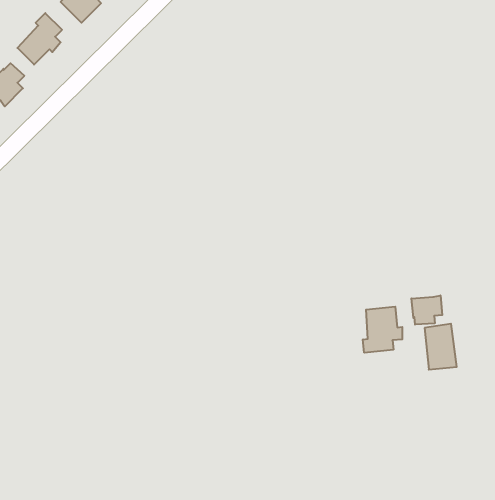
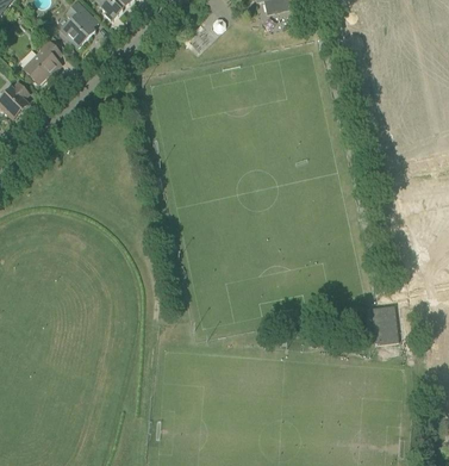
building: [411,295,442,325] -> none
building: [363,307,402,353] -> none

